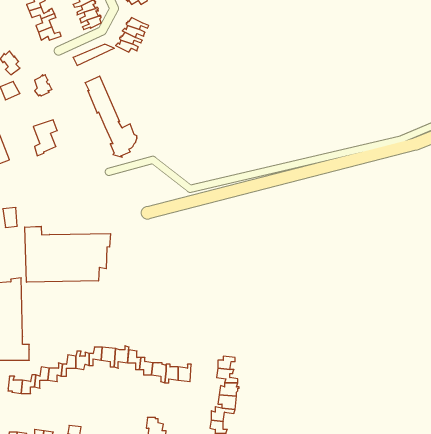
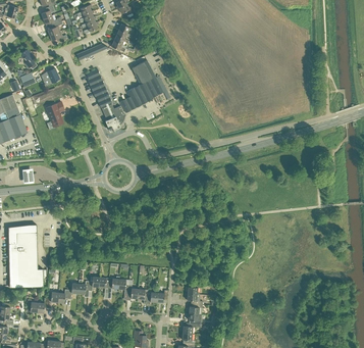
building: none -> [120,60,163,112]
building: [25,226,111,282] -> none

